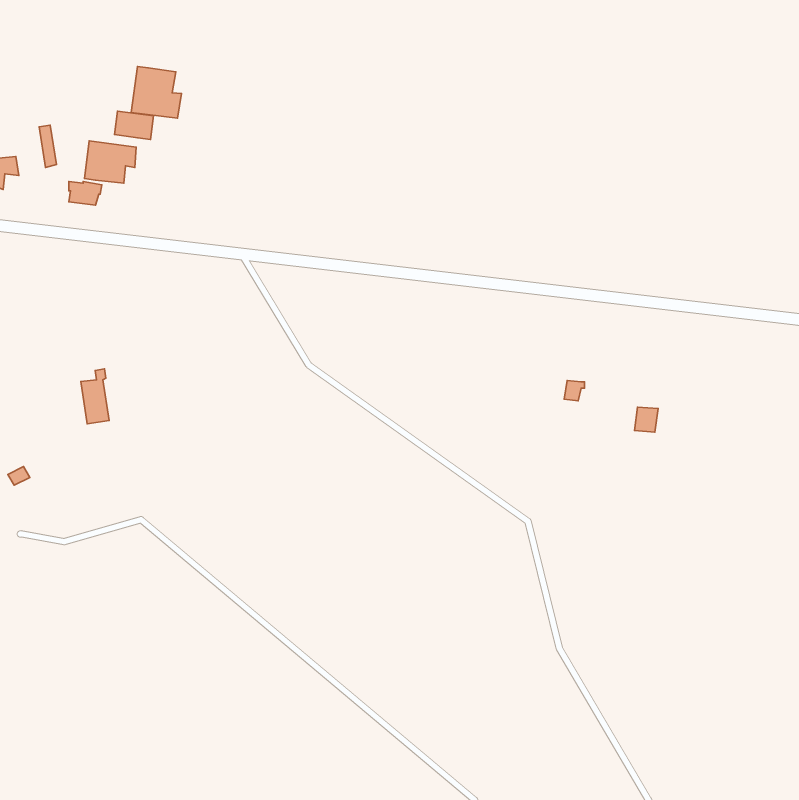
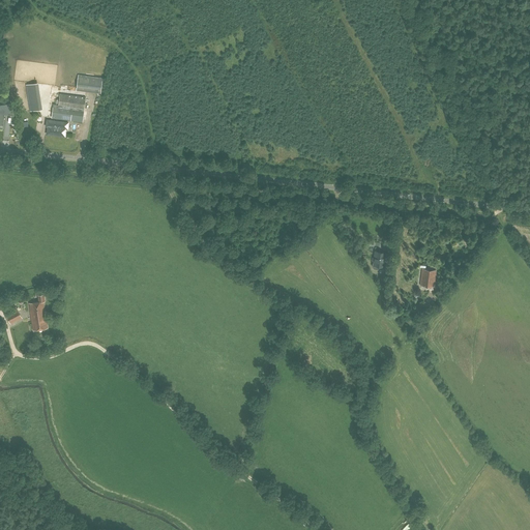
building: [131,66,182,118] -> none
building: [81,369,109,424] -> [28,294,47,330]

